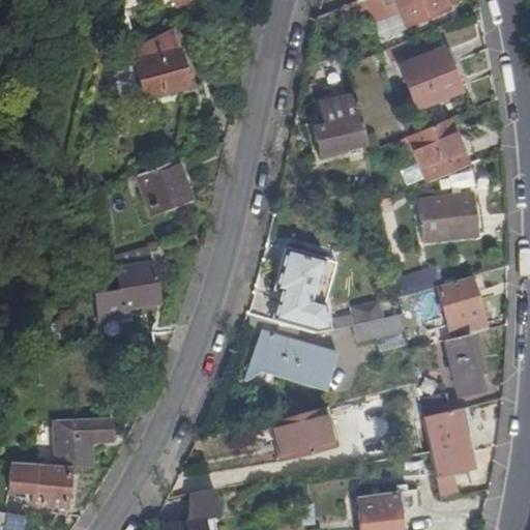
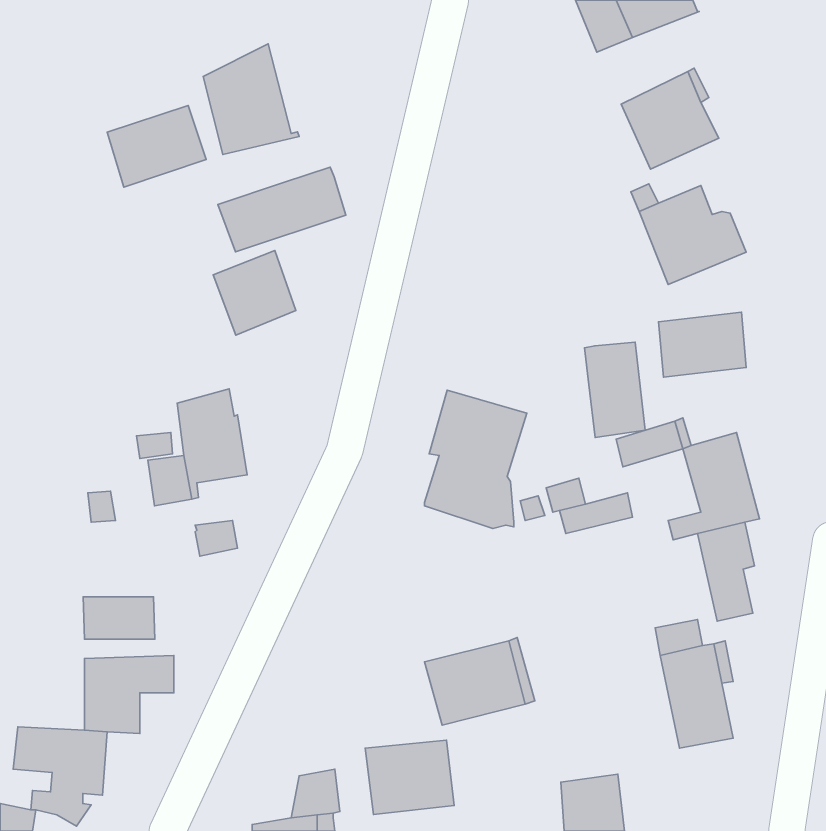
building: none -> [107,105,206,187]
building: [314,94,363,153] -> none
building: none -> [218,167,346,252]
building: none -> [584,342,645,437]
building: [255,330,340,388] -> none
building: none -> [83,597,155,639]
building: none -> [365,740,454,815]

